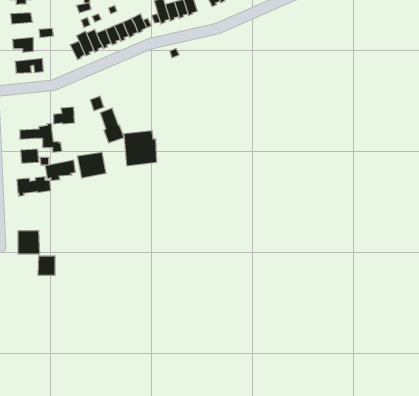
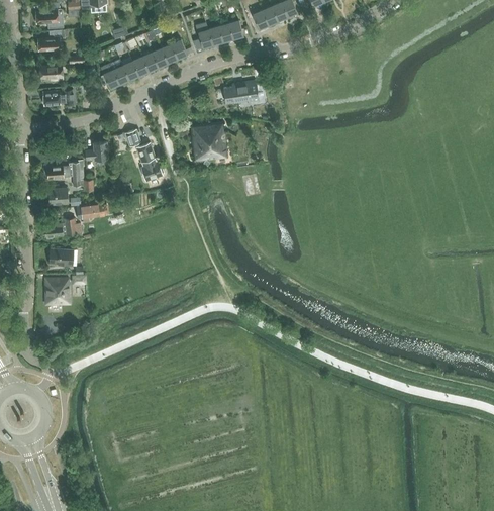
building: none -> [223,80,259,103]
building: [124,131,157,166] -> [191,122,227,161]
building: [77,152,106,178] -> none
building: none -> [48,248,74,265]
building: [38,256,55,275] -> none

